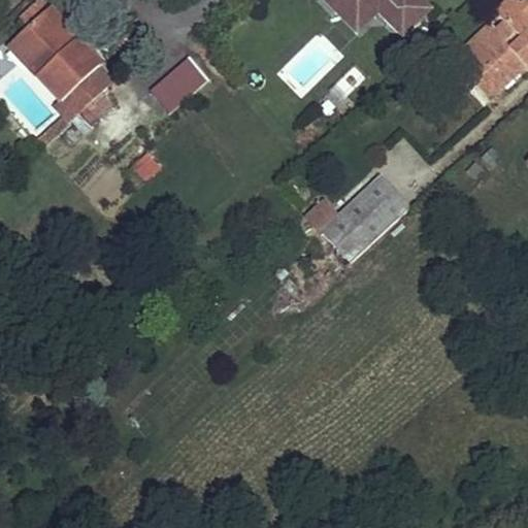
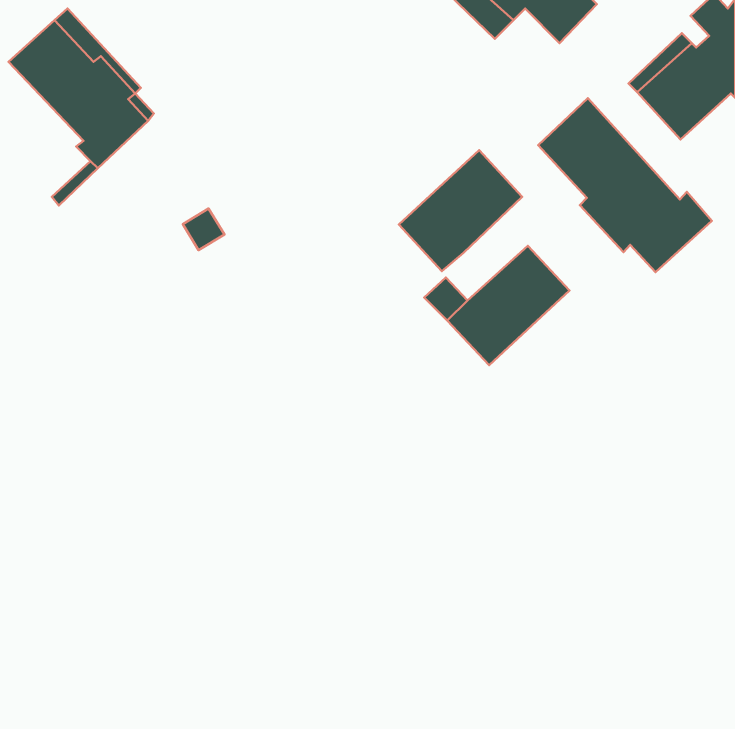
building: [147,54,209,113] -> none
building: none -> [538,98,712,272]
building: none -> [399,150,522,271]

